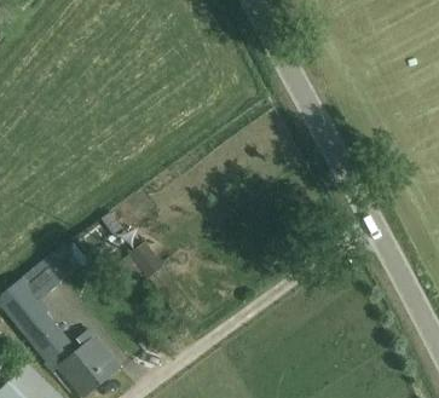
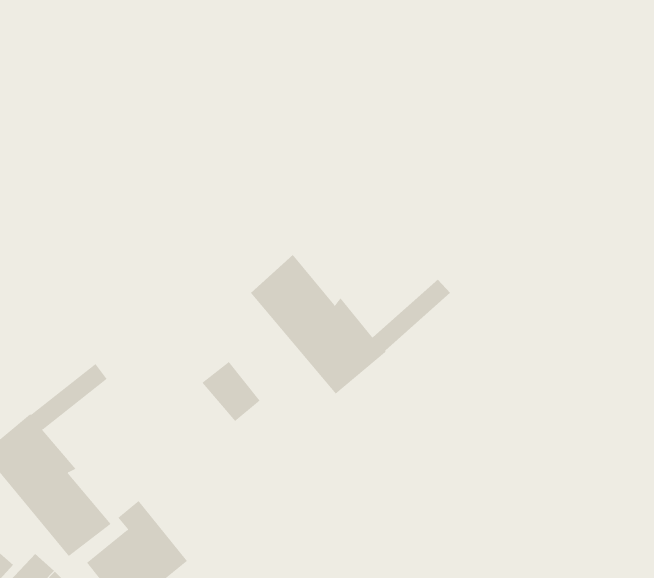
building: none -> [250,254,451,394]

